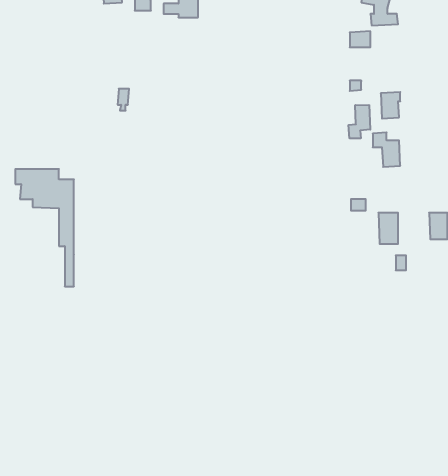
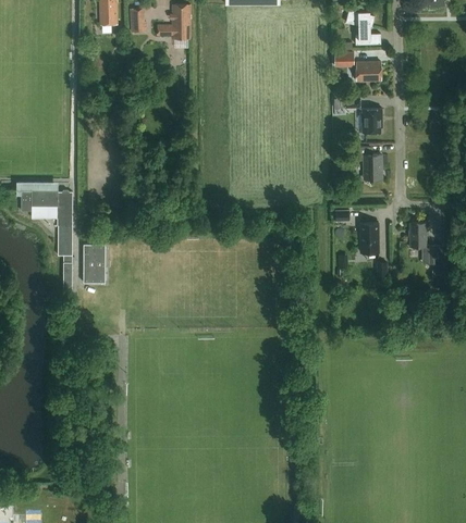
building: none -> [354,62,380,83]
building: [349,105,370,138] -> none
building: none -> [83,244,105,283]

